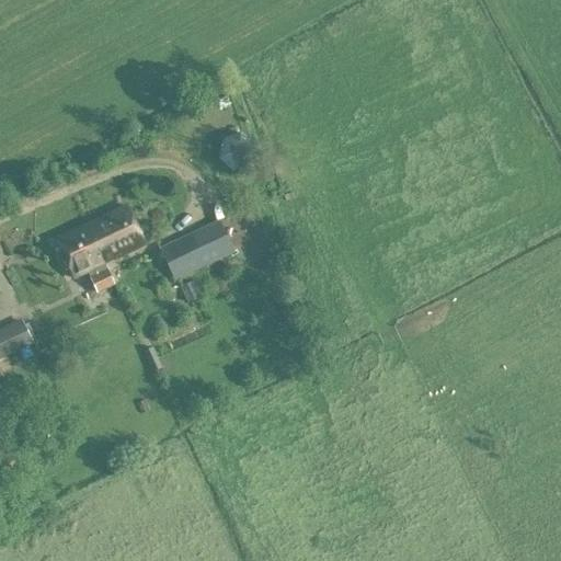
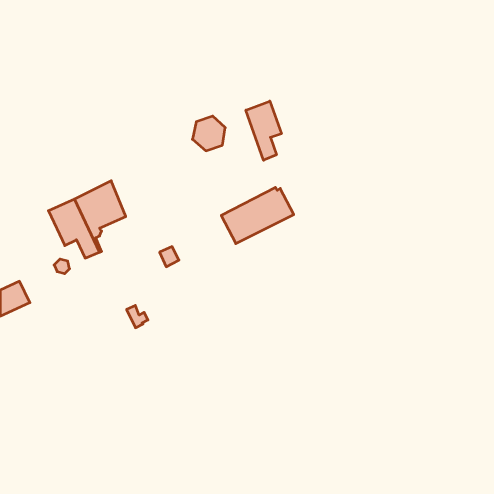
building: none -> [246,101,281,160]
building: [158,217,240,280] -> [221,187,294,244]

